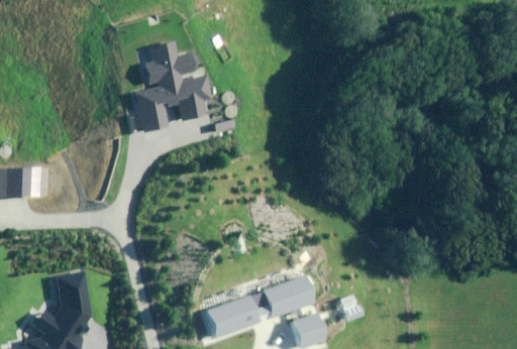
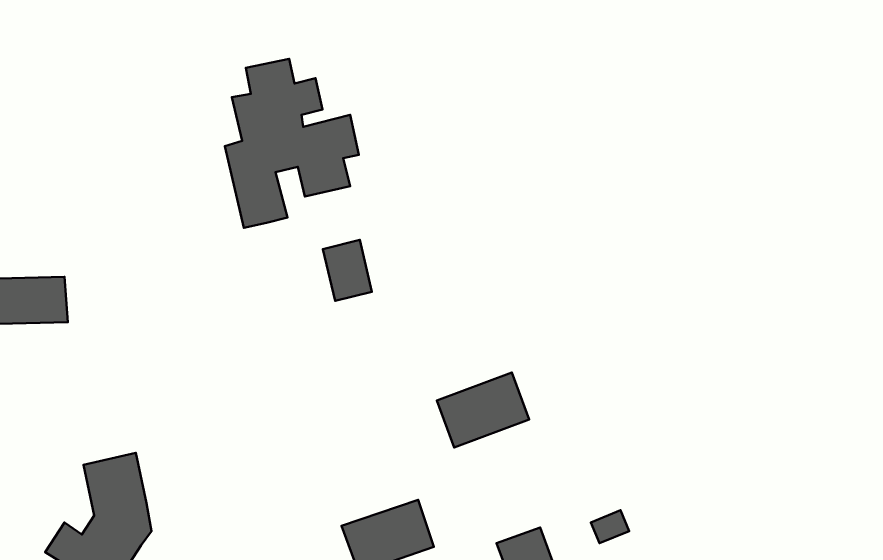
building: none -> [323,240,372,301]
building: [261,274,314,318] -> [437,373,529,447]

